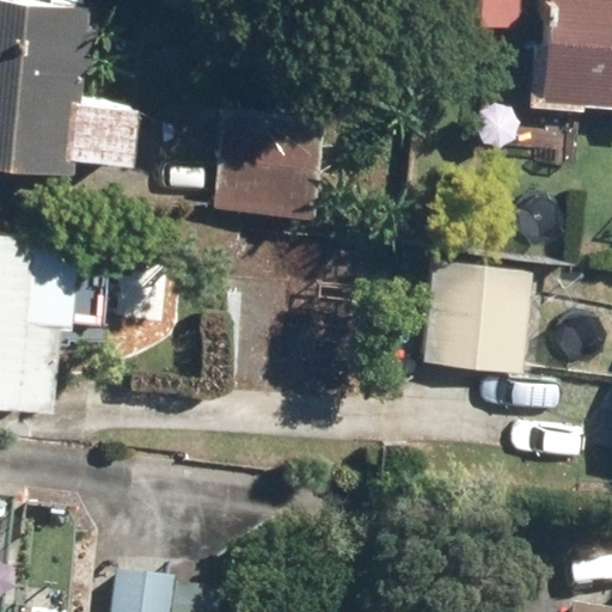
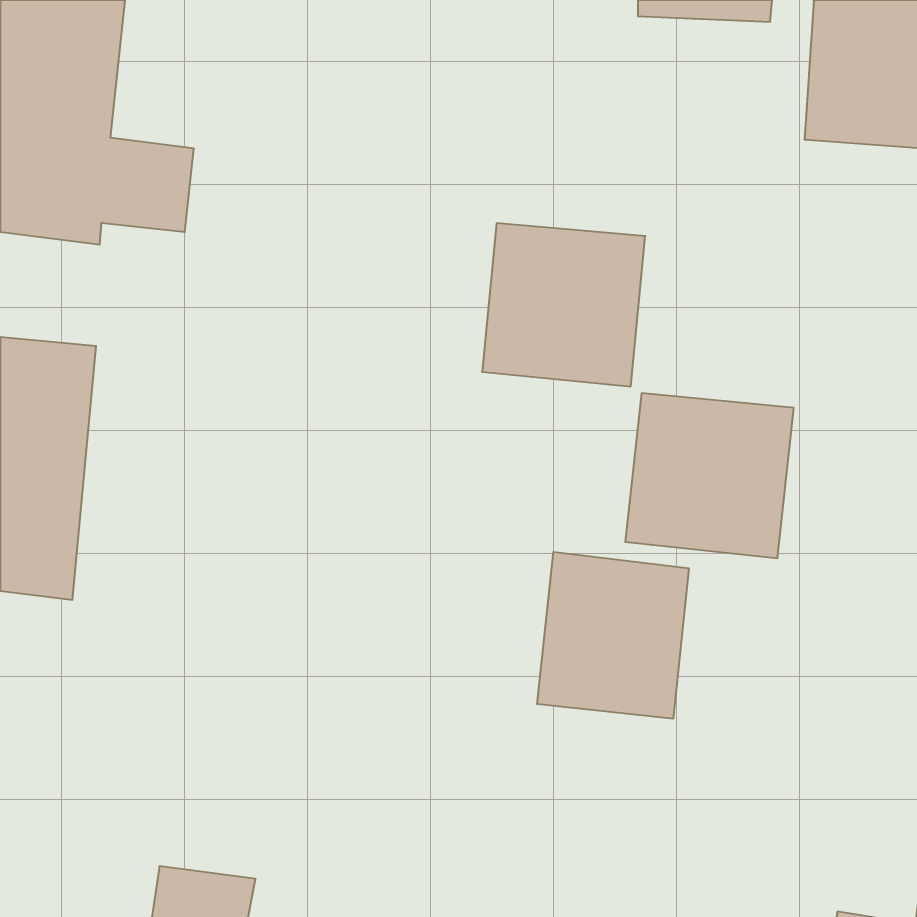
building: [210,112,318,220] -> [482,223,645,386]
building: none -> [537,552,689,719]

